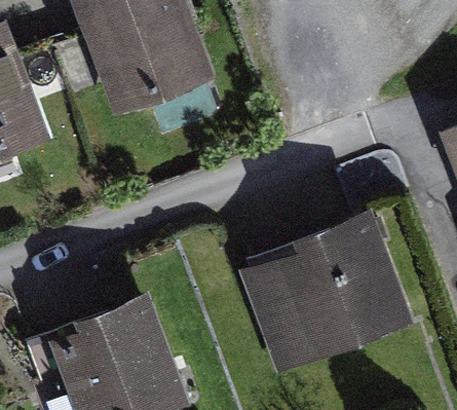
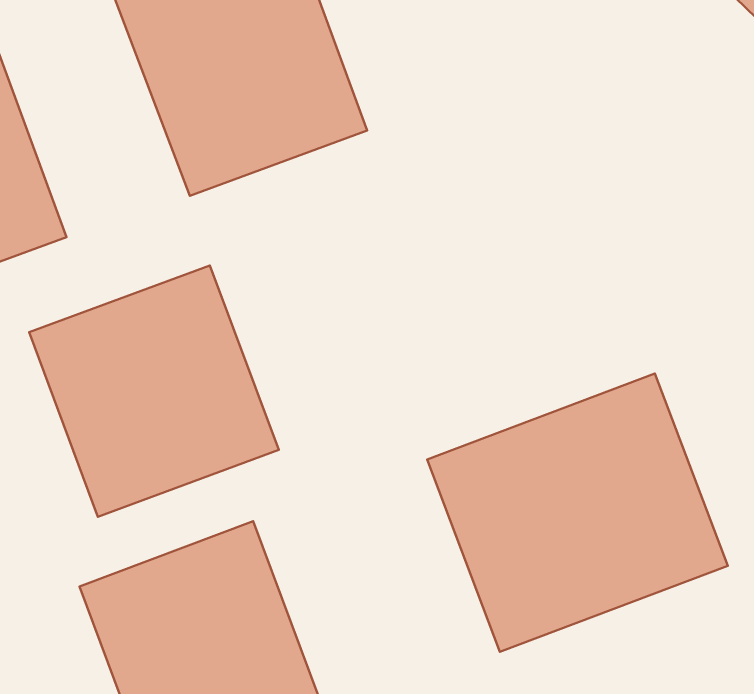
building: none -> [29,265,279,517]

